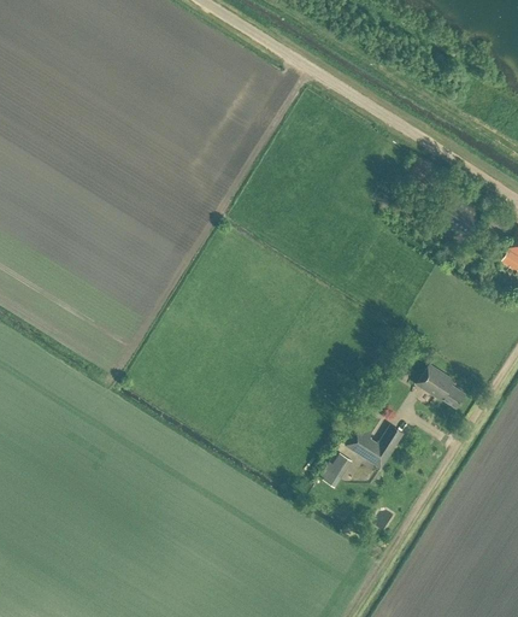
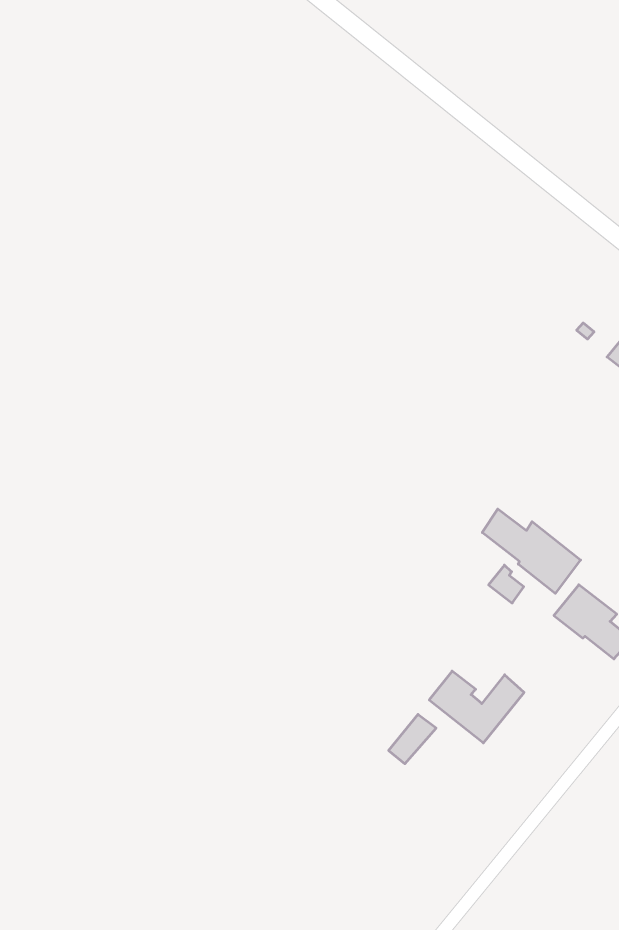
building: none -> [482,509,581,593]

